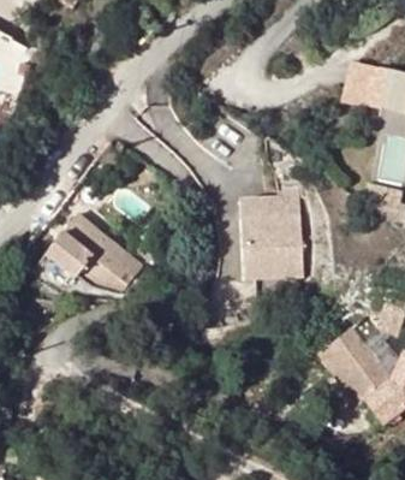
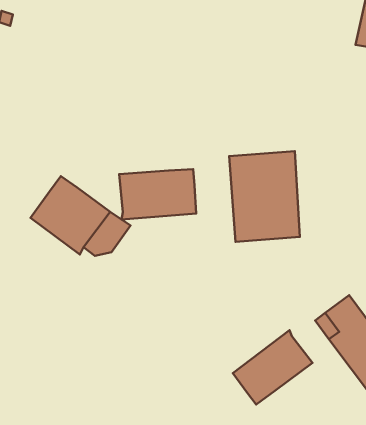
building: none -> [119,169,196,219]
building: none -> [233,330,313,405]

